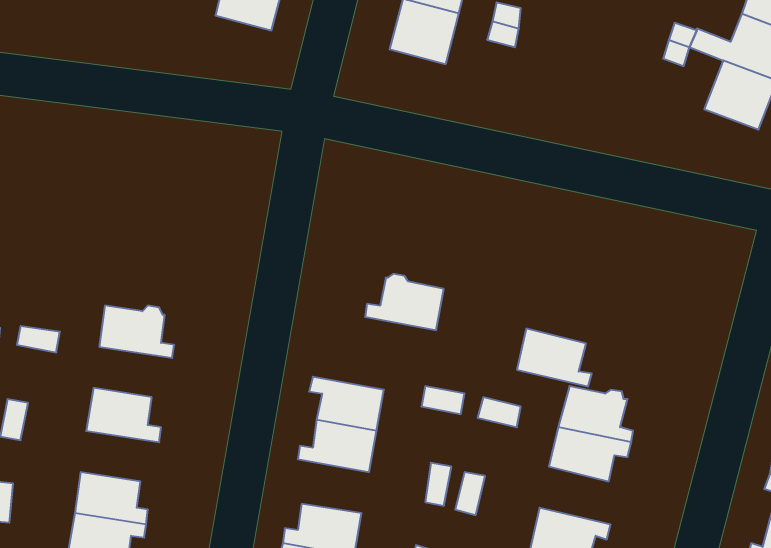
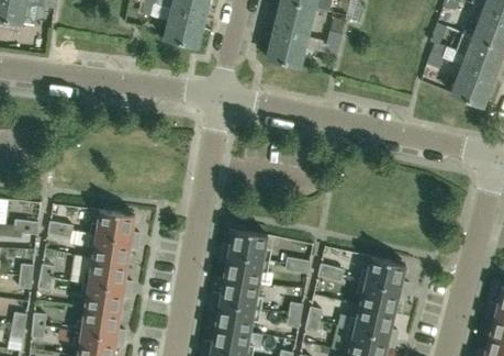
building: [365,274,444,330] -> [222,225,268,258]
building: [517,329,592,387] -> [355,303,399,337]
building: none -> [93,233,139,263]
building: none -> [86,282,132,312]
building: none -> [211,299,255,331]

